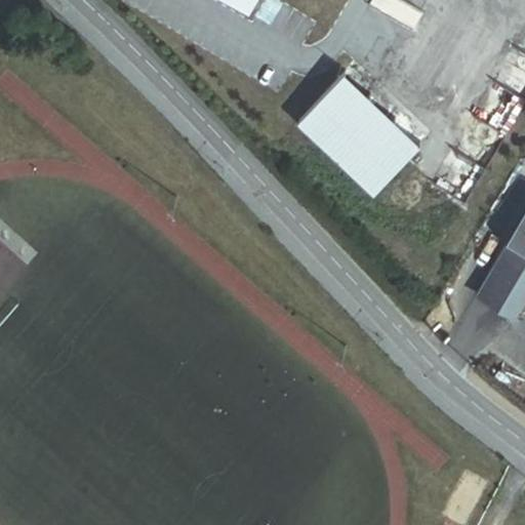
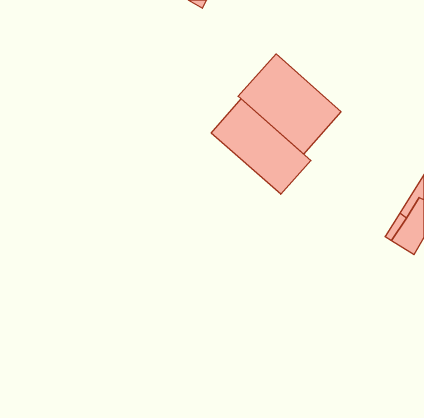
building: none -> [211,99,311,194]

